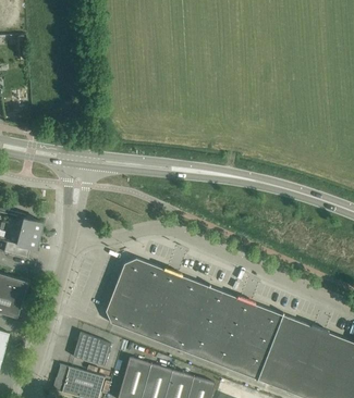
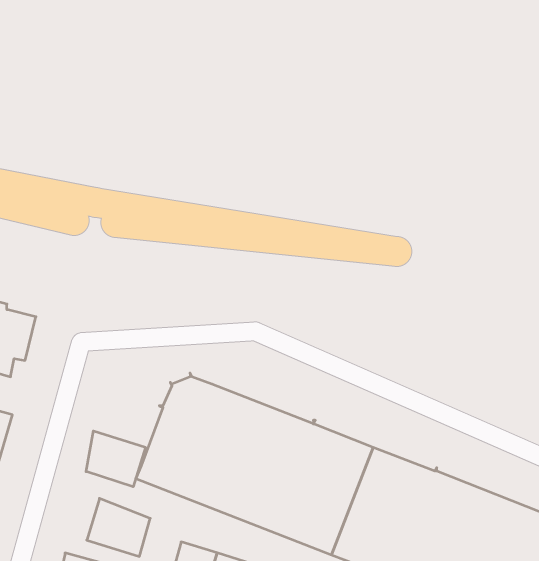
building: none -> [86,431,145,487]

